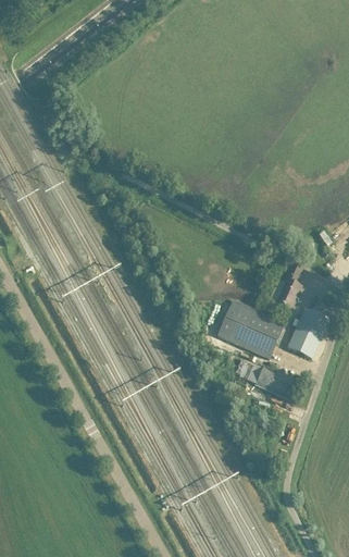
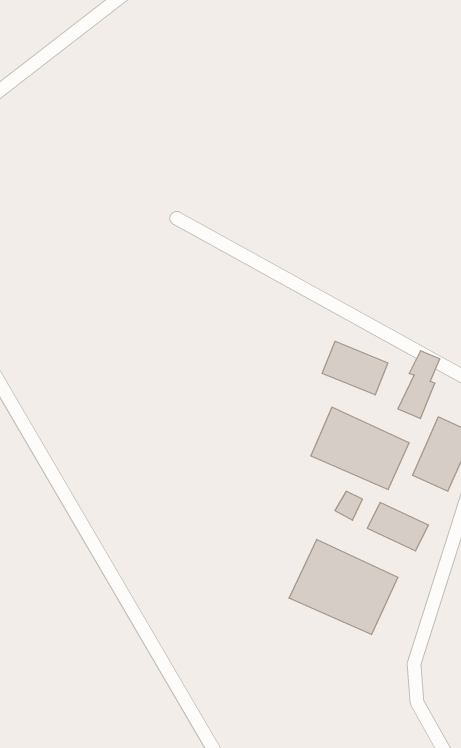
building: none -> [322,341,388,395]
building: none -> [289,539,398,635]

